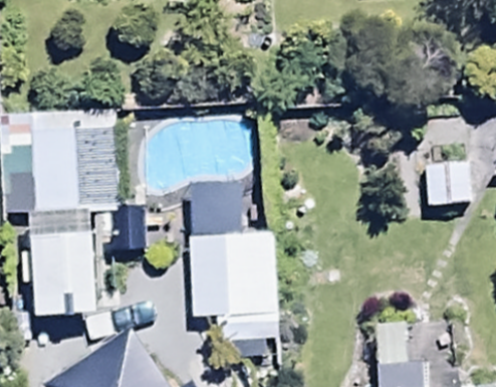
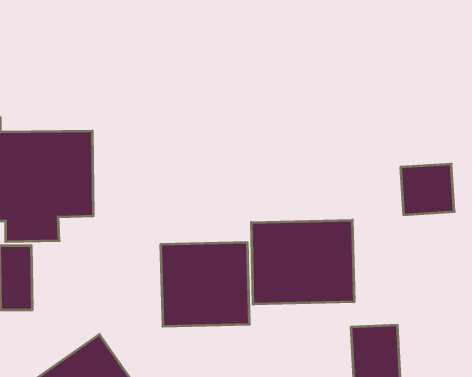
building: none -> [251,220,354,304]

